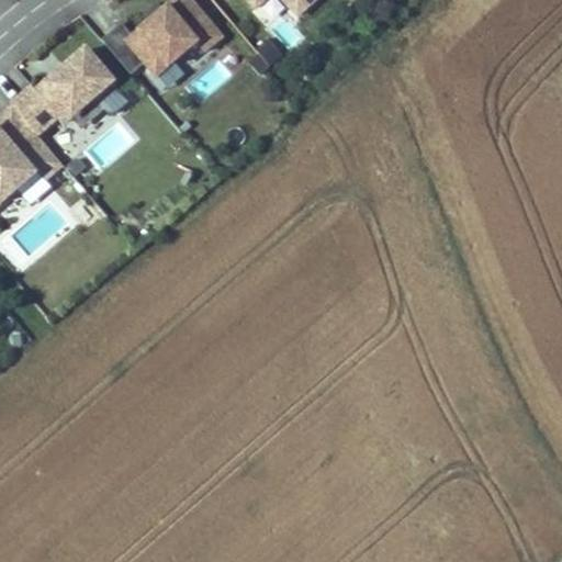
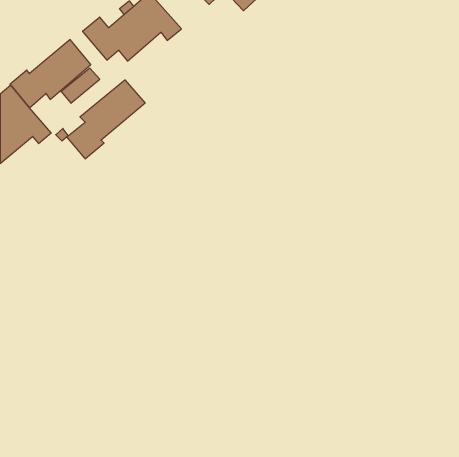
building: none -> [67,80,145,159]

